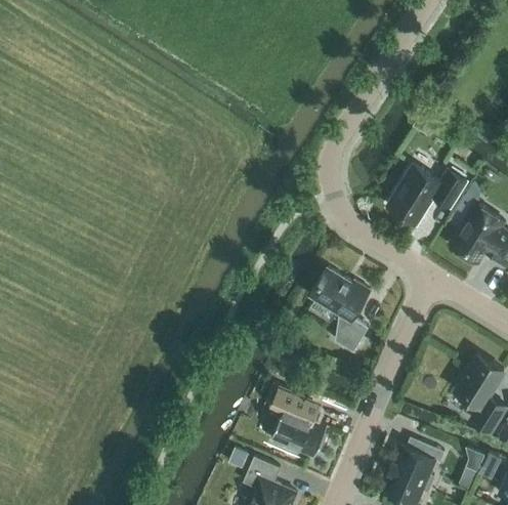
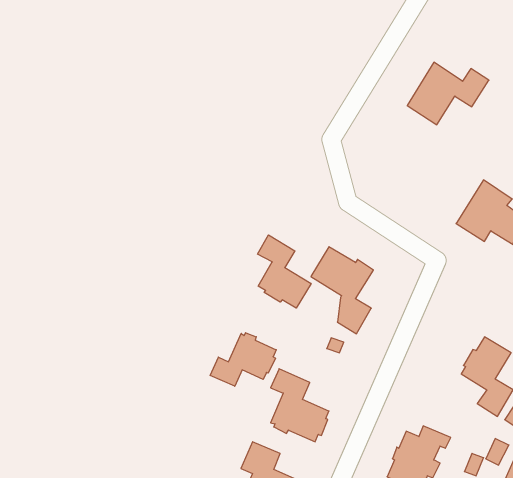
building: [388,165,467,225] -> [407,62,489,125]
building: none -> [258,235,311,308]
building: none -> [210,333,276,386]

